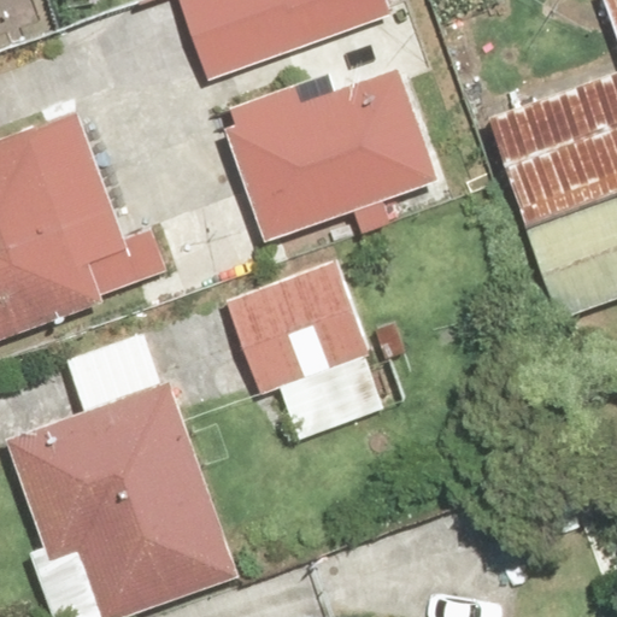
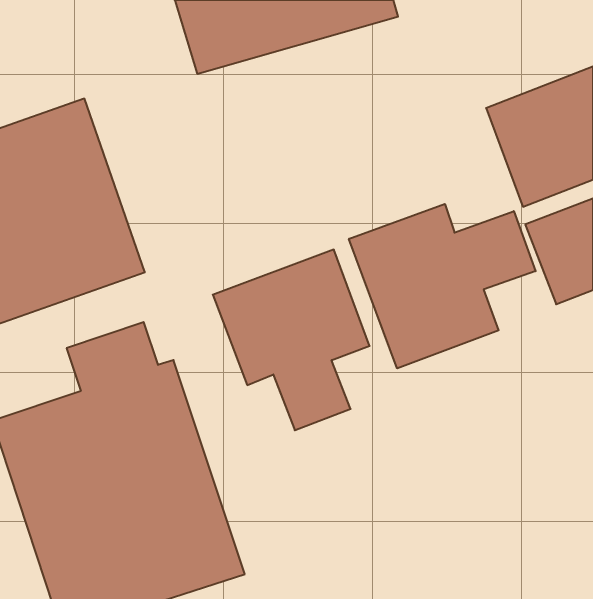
building: [221,66,436,237] -> none
building: none -> [349,204,536,368]

